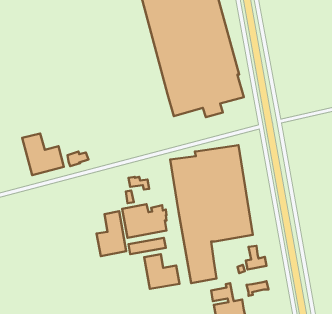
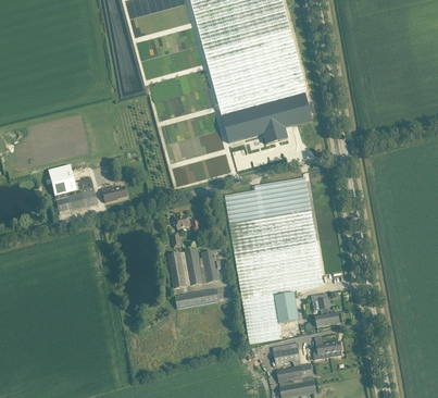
building: [97,211,126,256] -> none
building: none -> [274,291,299,322]
building: [144,254,180,289] -> none

